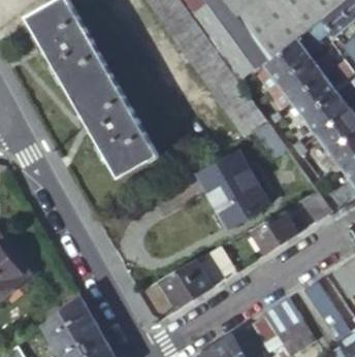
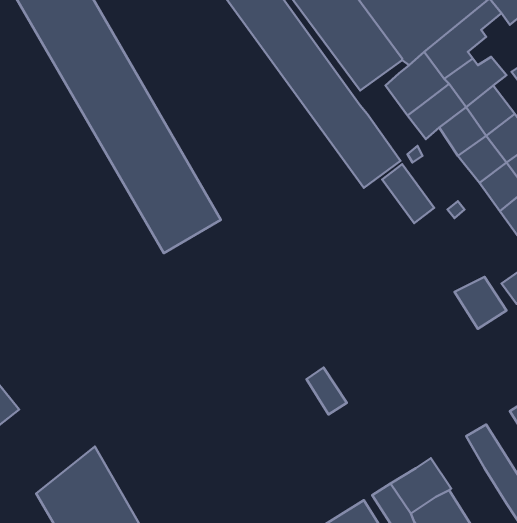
building: [196,152,268,227] -> none
building: [250,213,296,254] -> none
building: [158,260,213,310] -> none

